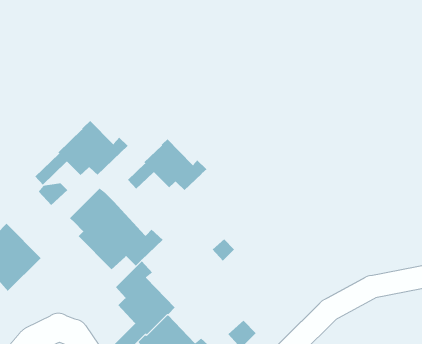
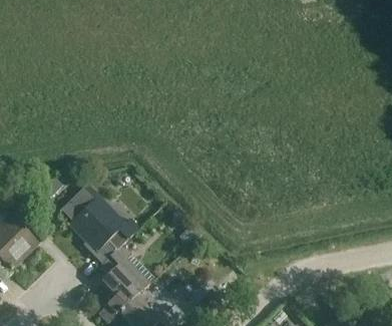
building: [35,120,129,185] -> none
building: [127,139,207,191] -> none

